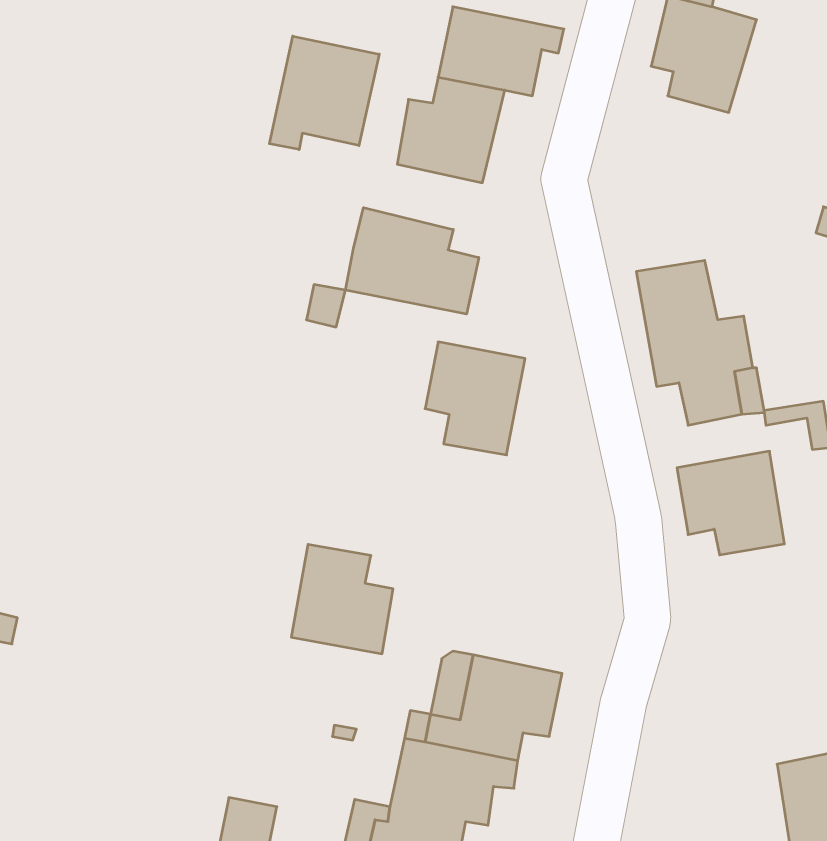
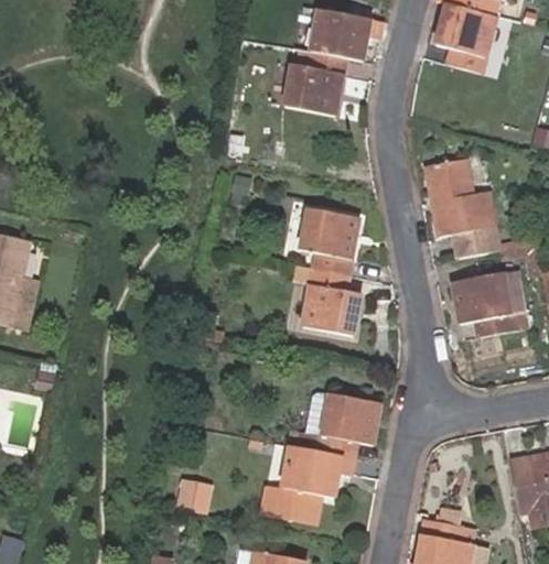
building: [269,36,379,150] -> none
building: [345,208,479,314] -> none
building: [291,544,393,654] -> [301,269,362,334]

